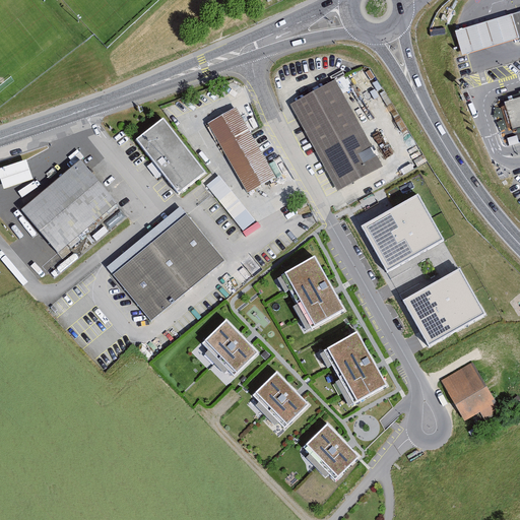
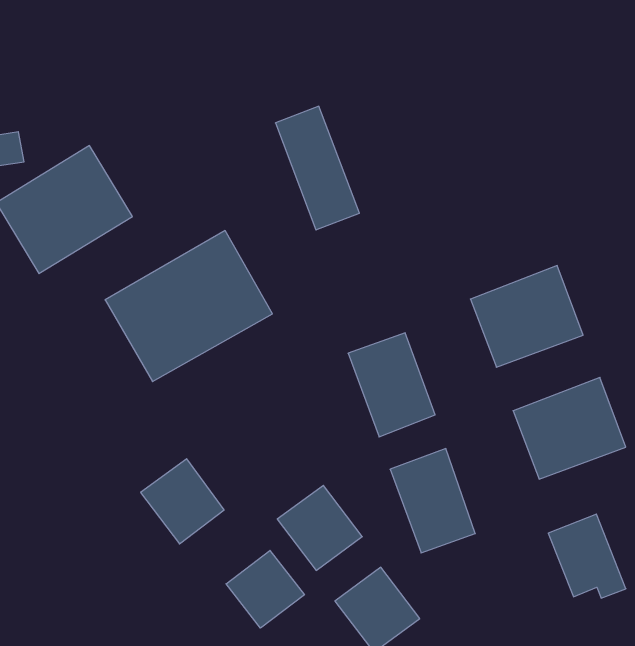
building: [290,72,385,184] -> none
building: [135,119,204,195] -> none
building: [205,173,258,232] -> none
building: [199,319,259,379] -> [141,459,224,544]
building: none -> [226,550,304,628]

